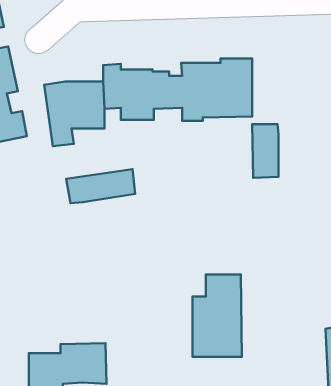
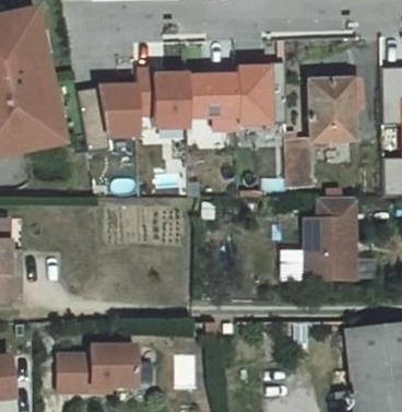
building: none -> [308,78,348,139]
building: [66,169,135,203] -> none
building: [193,275,242,357] -> [303,196,352,278]

